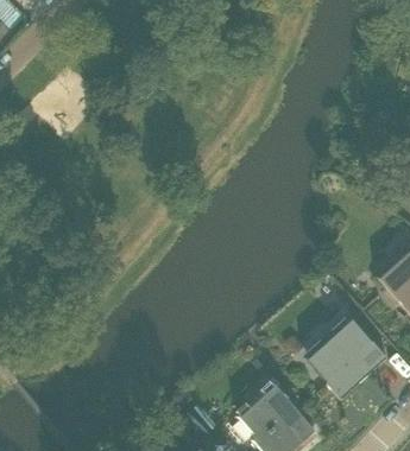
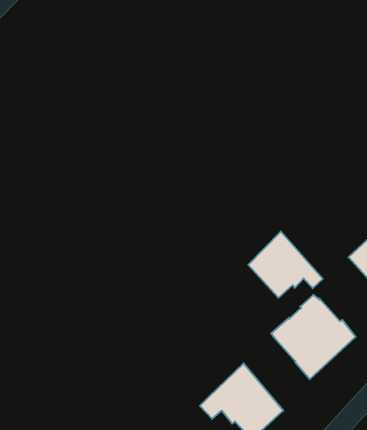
building: none -> [248,231,323,298]

